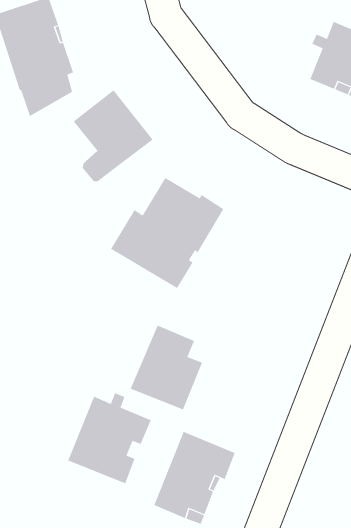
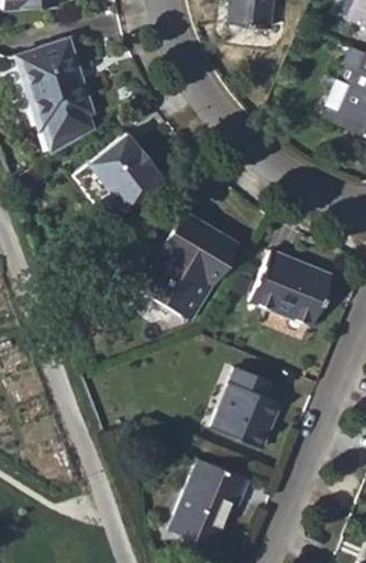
building: none -> [252,249,332,324]
building: [130,325,203,410] -> [210,365,280,448]
building: [67,393,151,484] -> none

